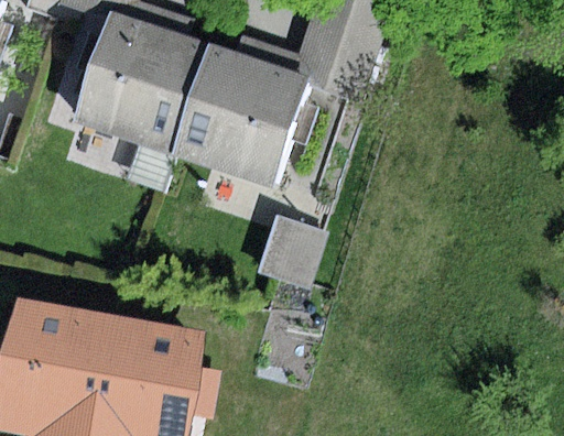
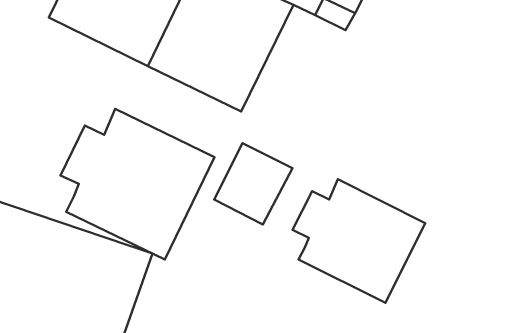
building: none -> [61,109,214,259]
building: none -> [293,179,425,303]

